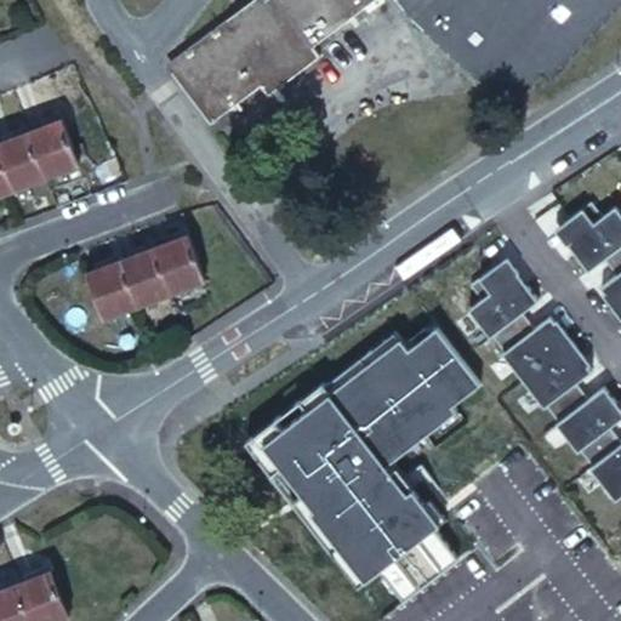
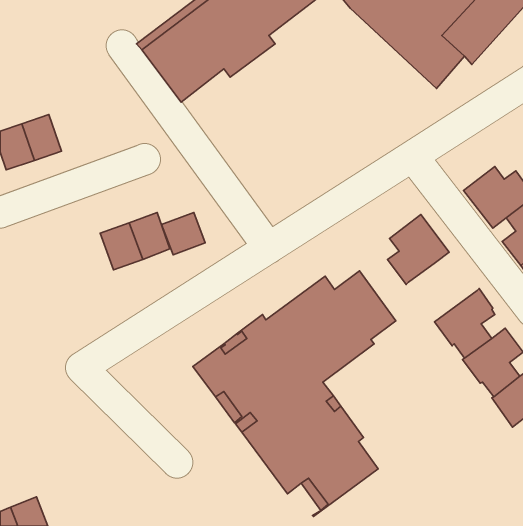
building: none -> [161,213,205,255]
building: [95,272,143,326] -> none
building: [486,306,569,375] -> none

